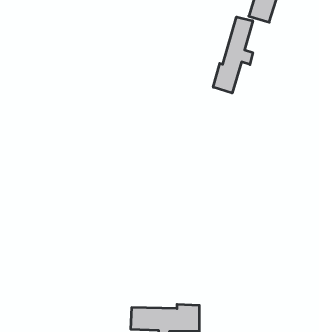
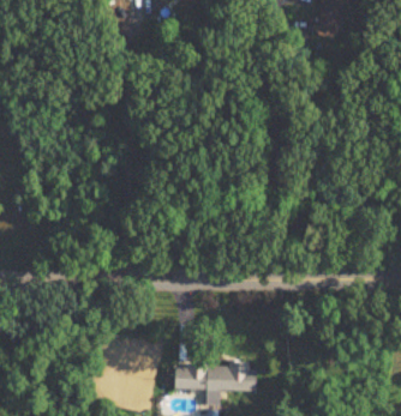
building: [213,17,253,93] -> none

